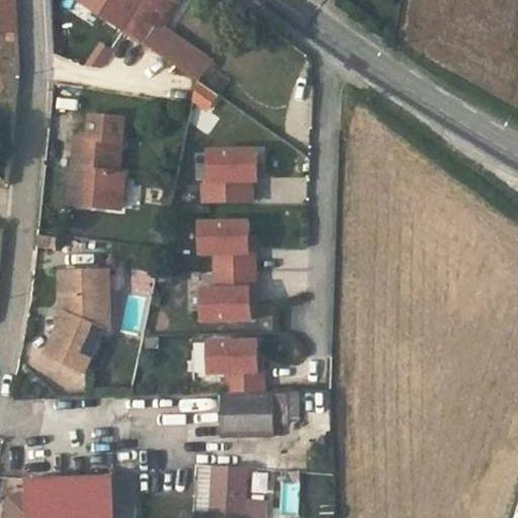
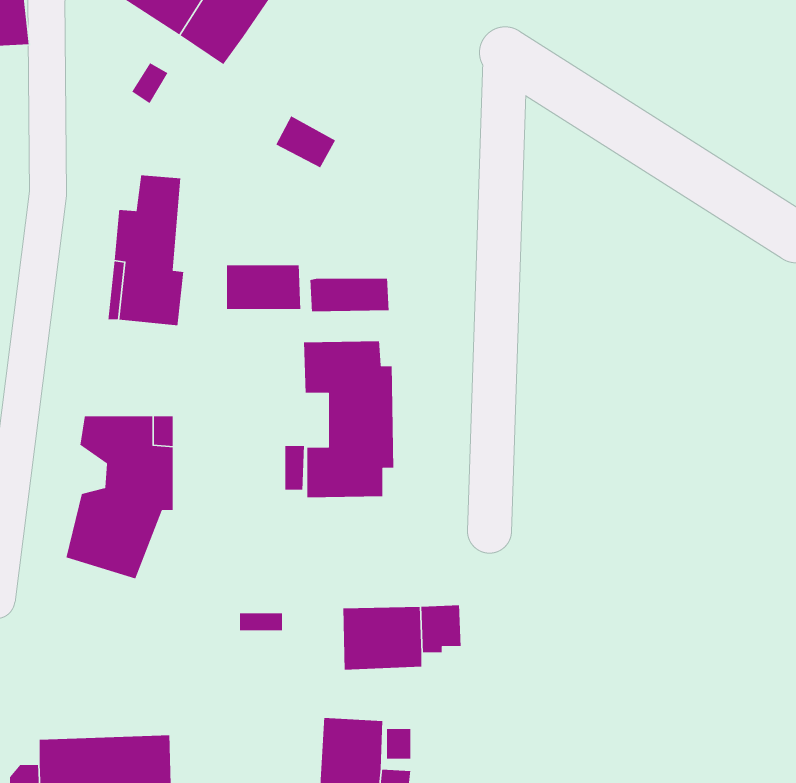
building: [145,24,208,77] -> none
building: [205,151,254,180] -> [226,264,301,310]
building: [204,341,263,392] -> none

